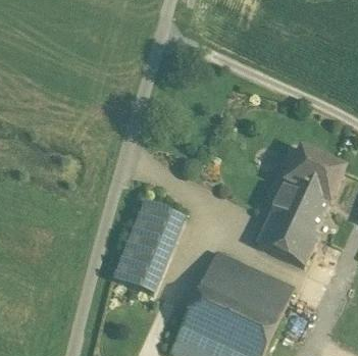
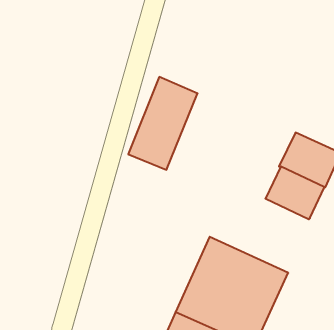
building: [114,202,183,294] -> [128,77,198,170]
building: [256,214,317,266] -> none

